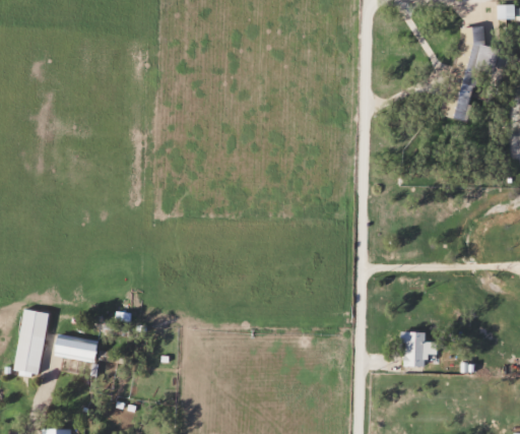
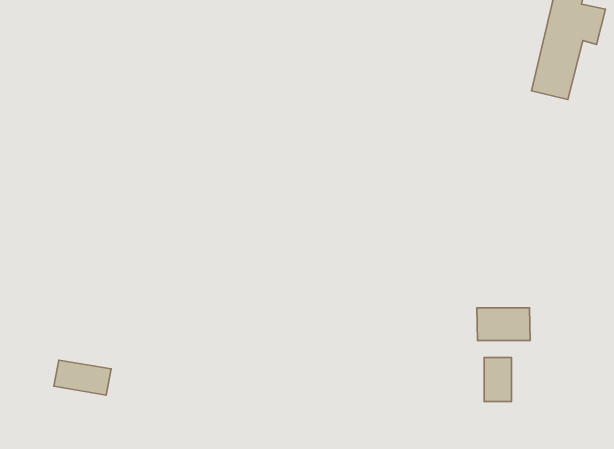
building: none -> [477,308,530,340]
building: [14,309,50,377] -> none

